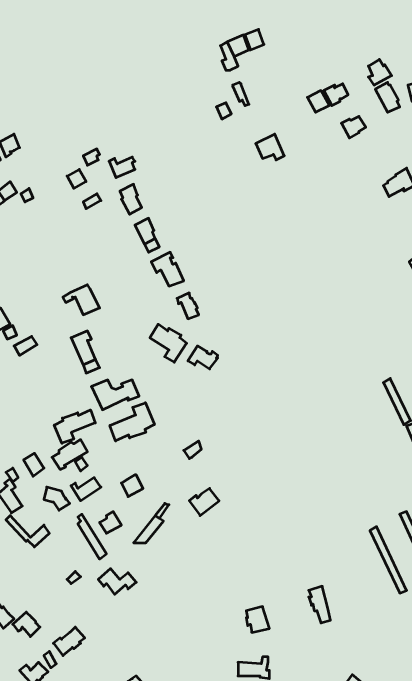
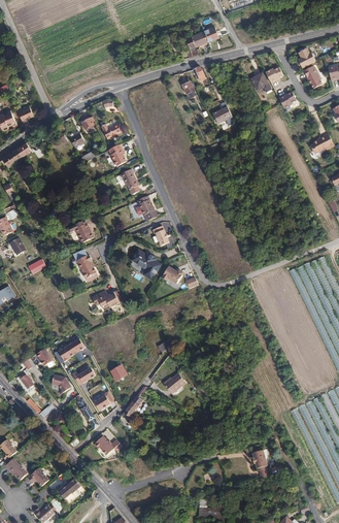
building: [110,403,154,441] -> none
building: [54,410,95,443] -> none

